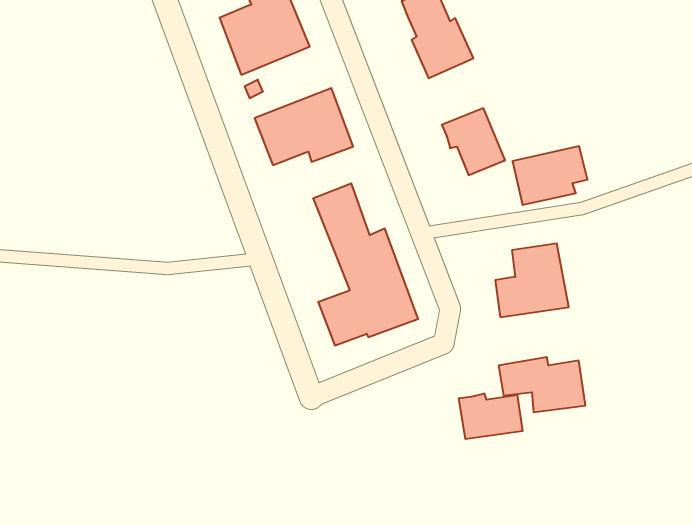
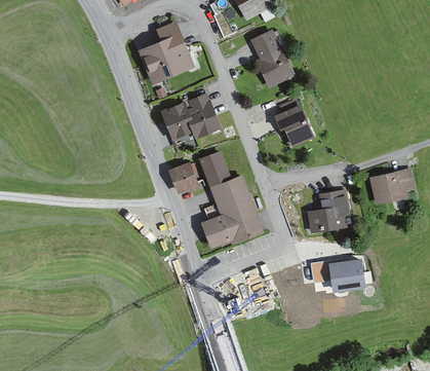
building: [512,146,588,205] -> [368,168,415,203]
building: none -> [168,161,199,193]
building: [459,393,523,439] -> none

